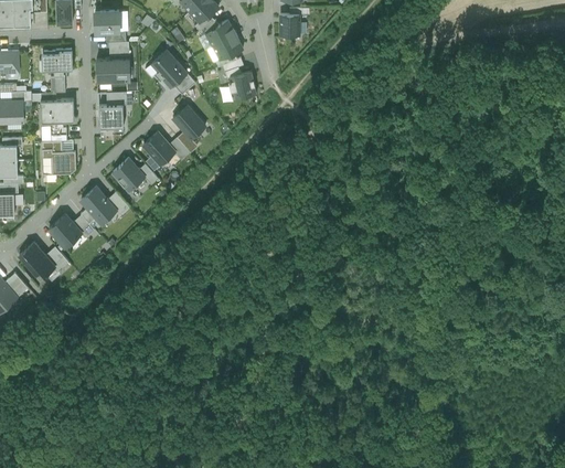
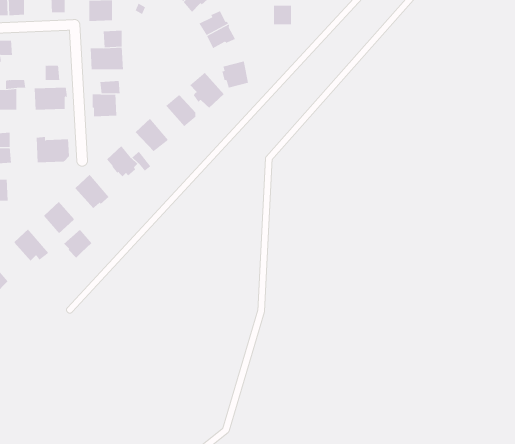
building: [42,50,73,71] -> none
building: [151,51,186,87] -> [189,72,225,108]
building: none -> [63,229,92,258]

